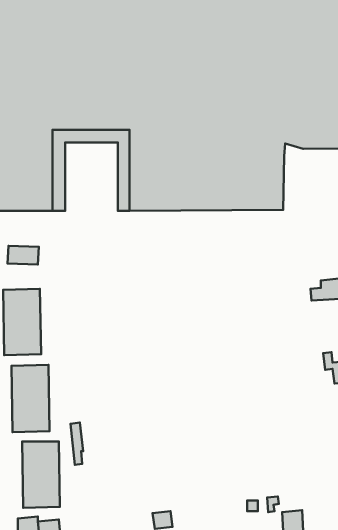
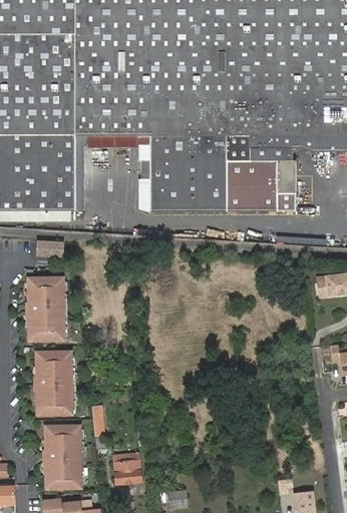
building: none -> [113,455,139,485]

